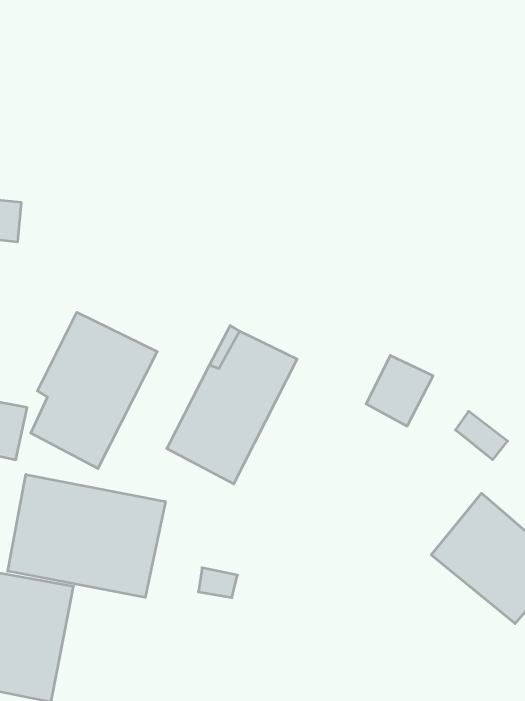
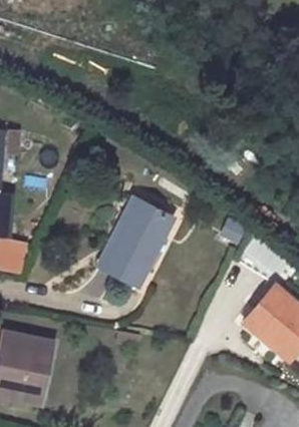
building: [31,312,157,469] -> none
building: [8,474,165,597] -> none

